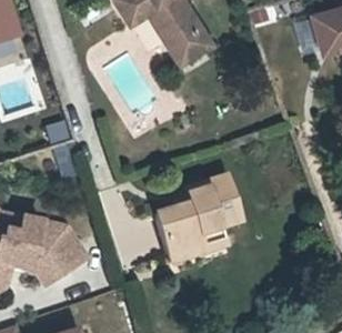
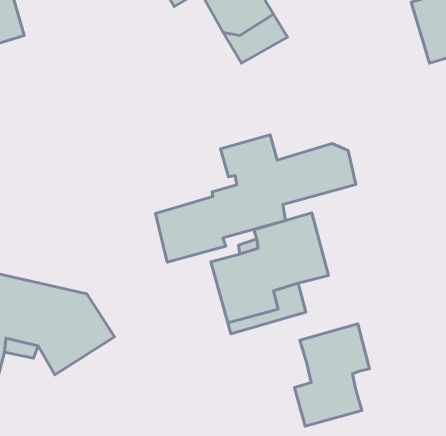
building: none -> [155,135,356,262]
building: none -> [294,324,369,426]

